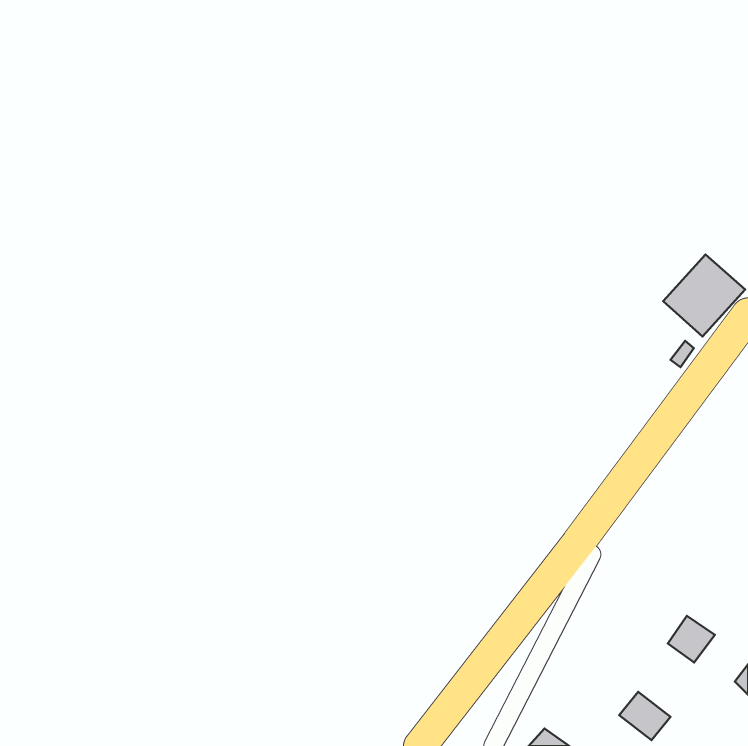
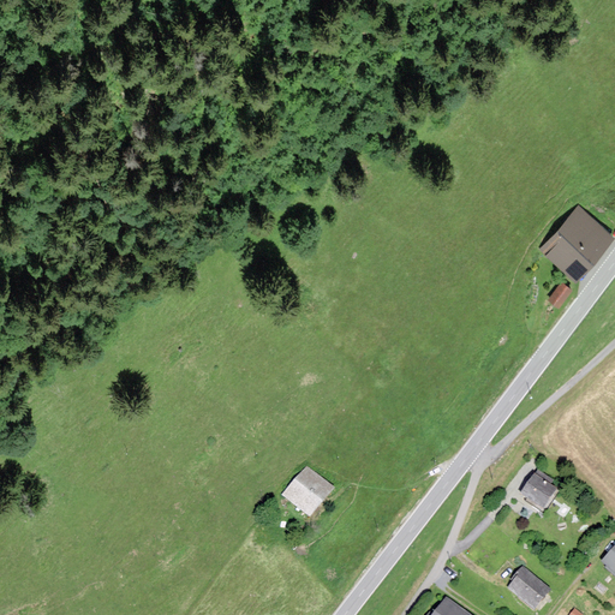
building: none -> [283,466,333,515]
building: [668,616,715,663] -> [521,470,560,508]

